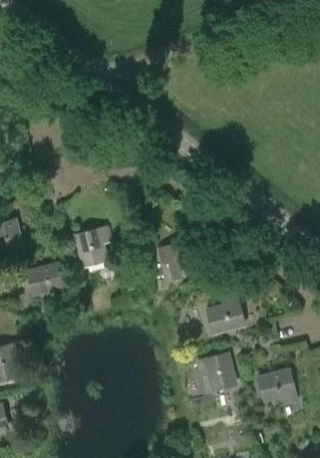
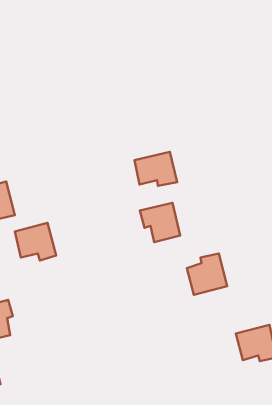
building: none -> [135,152,177,186]
building: [72,225,111,269] -> none
building: [195,351,238,392] -> none

